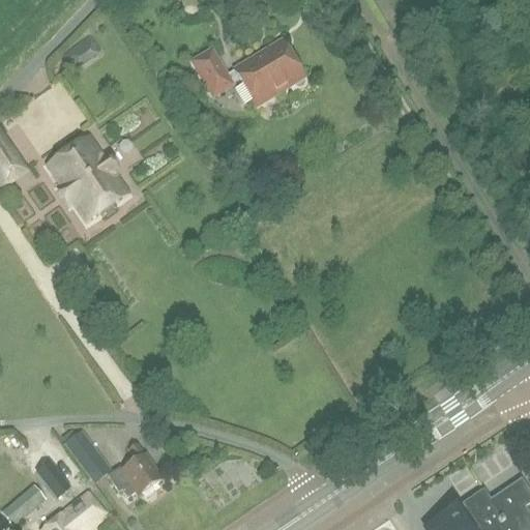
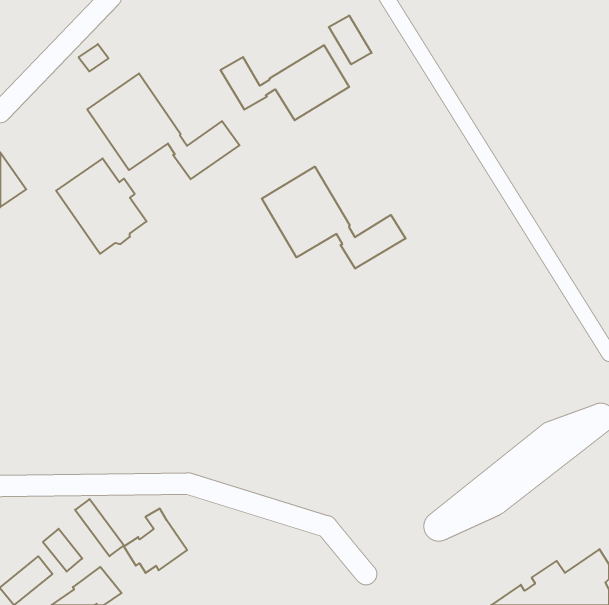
building: none -> [329,15,372,64]
building: none -> [87,73,240,179]
building: none -> [262,167,406,269]

